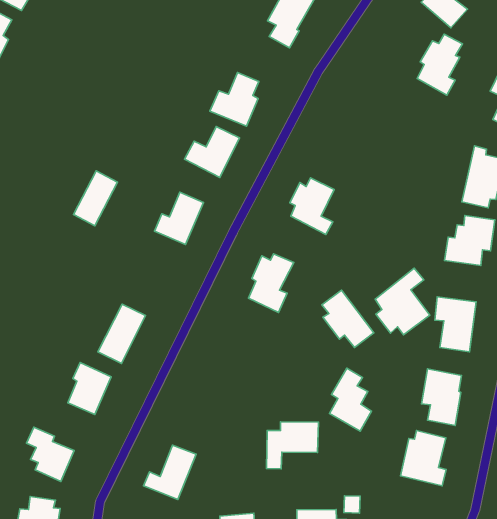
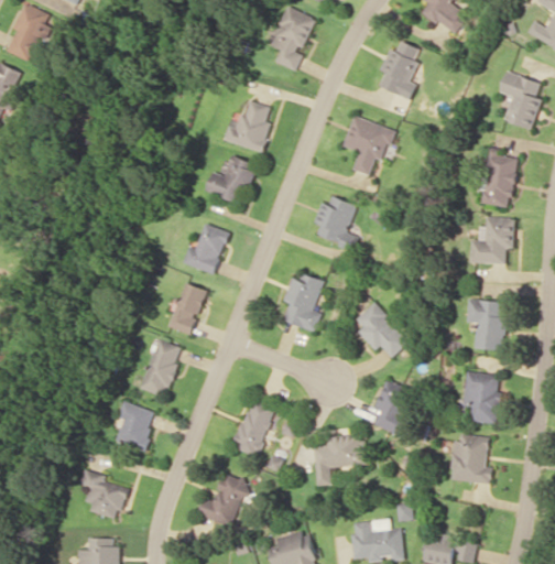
building: [417,34,462,95] -> [378,41,418,100]
building: none -> [341,116,393,175]
building: [74,171,117,226] -> [167,282,207,336]
building: [375,268,430,335] -> none
building: none -> [231,399,274,456]

